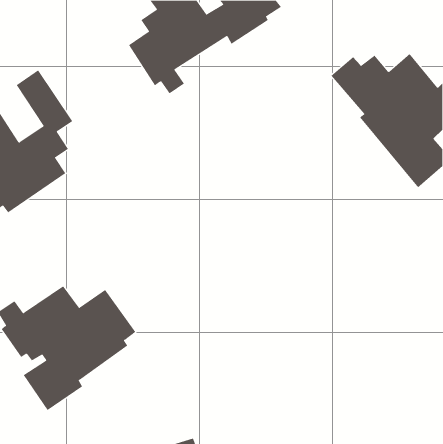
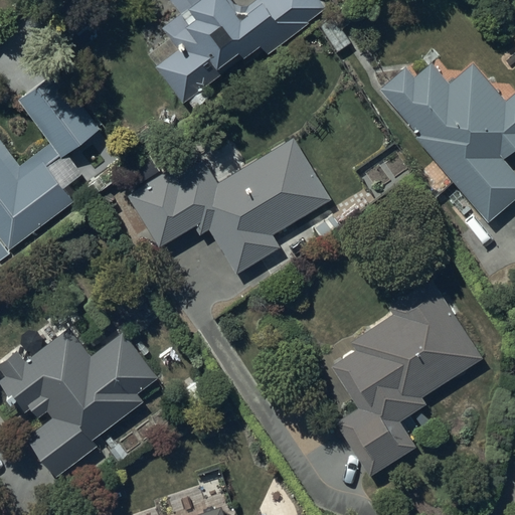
building: none -> [134,139,332,272]
building: none -> [333,279,480,475]

